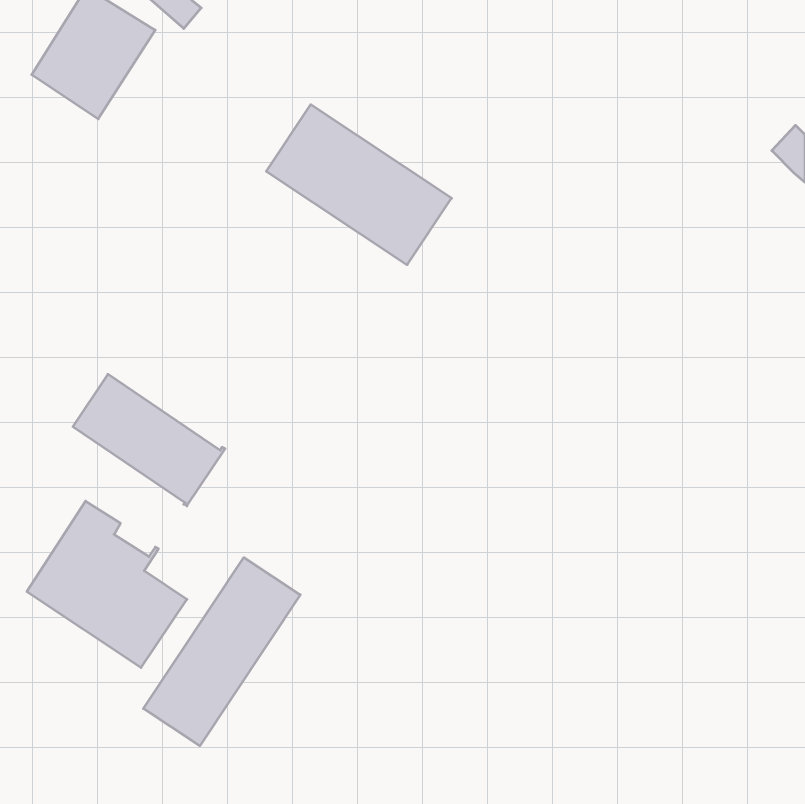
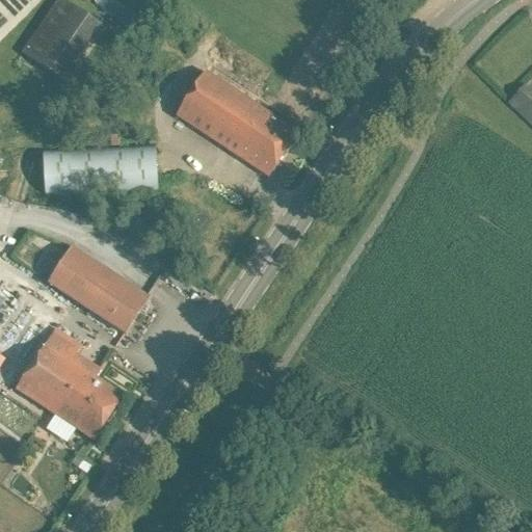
building: none -> [41,132,154,192]
building: [143,558,300,746] -> none

